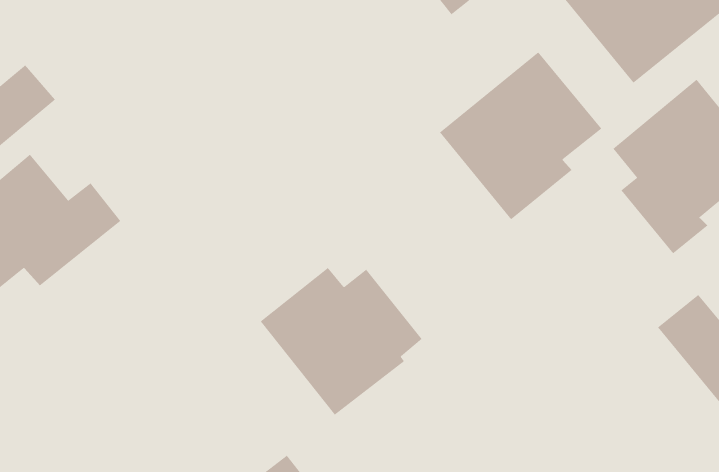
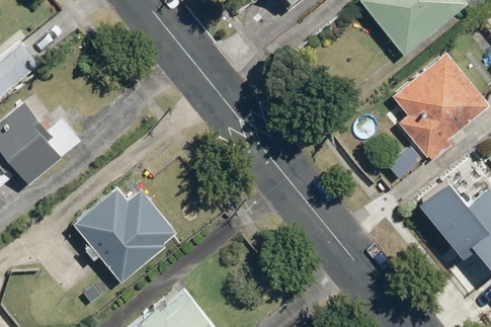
building: [439,51,602,220] -> none
building: [260,267,422,415] -> [73,187,176,281]

